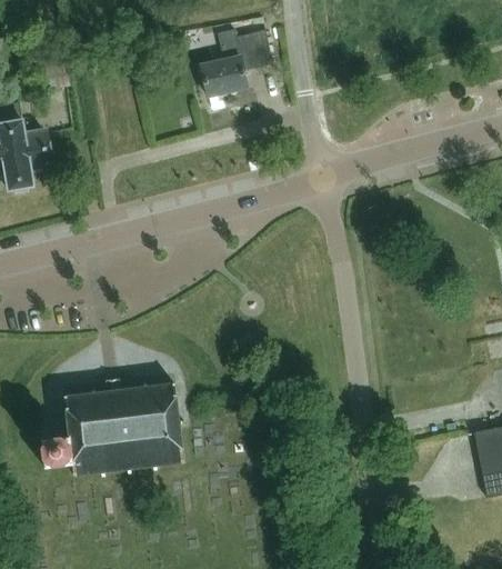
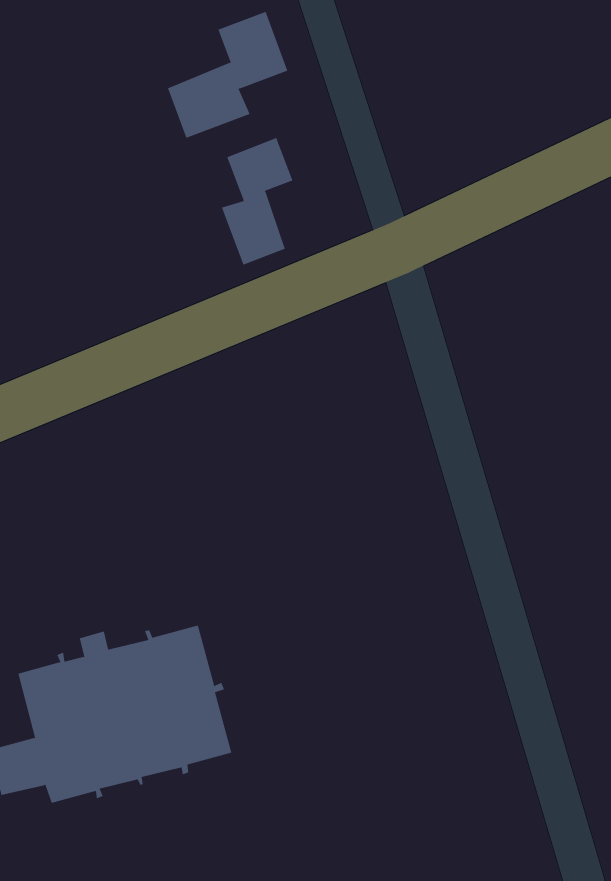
building: none -> [221,137,293,265]

